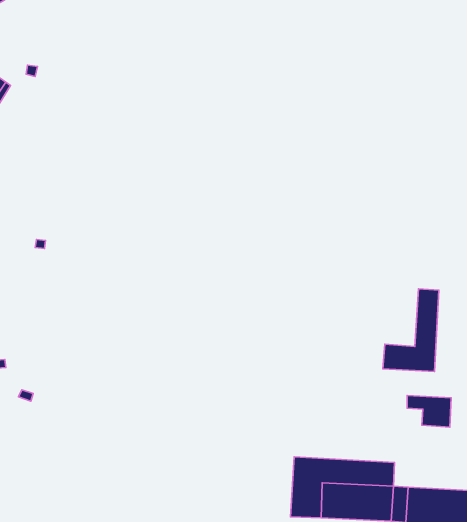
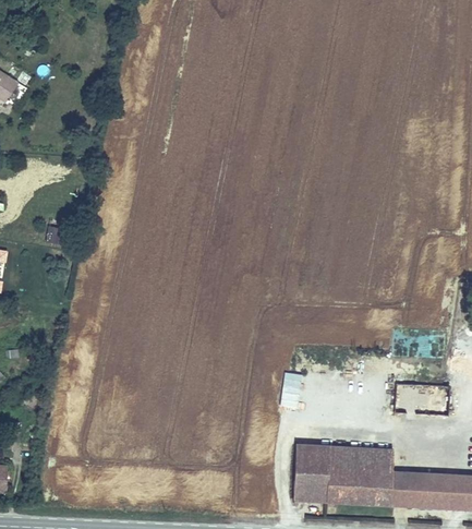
building: [383,289,439,372] -> none

